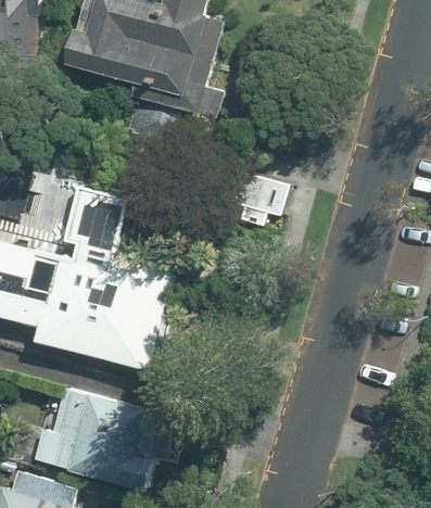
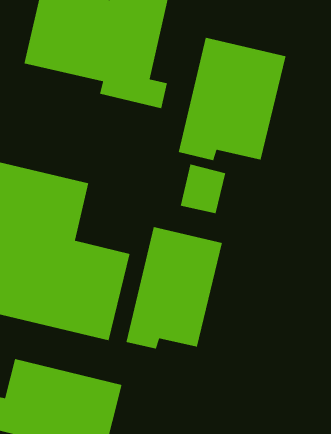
building: none -> [178,37,286,161]
building: none -> [126,226,223,350]

